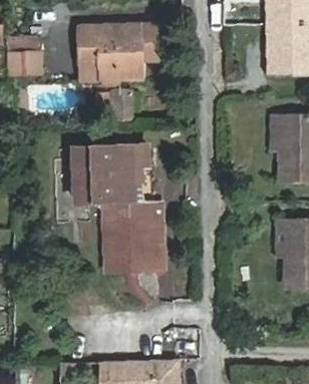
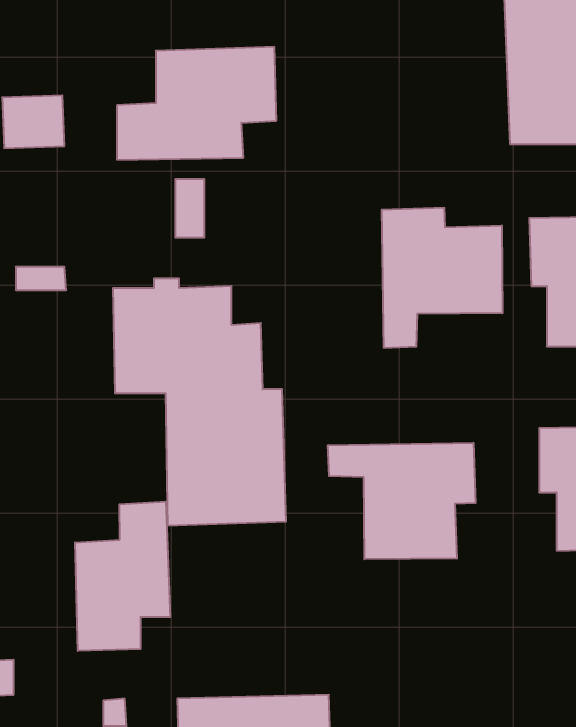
building: none -> [382,208,502,348]
building: none -> [328,443,476,559]
building: none -> [75,502,170,651]

